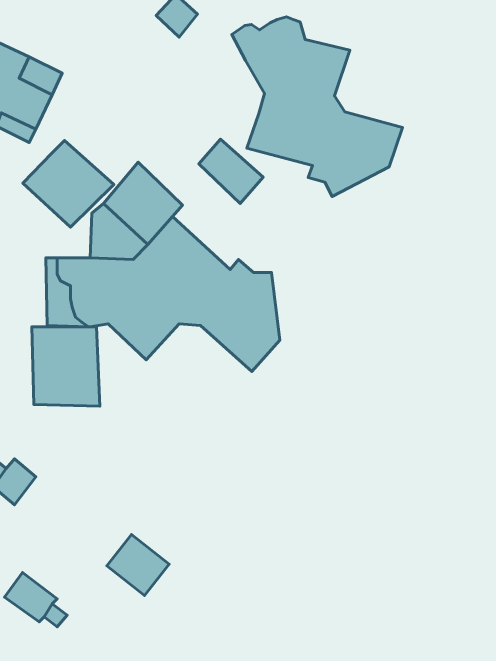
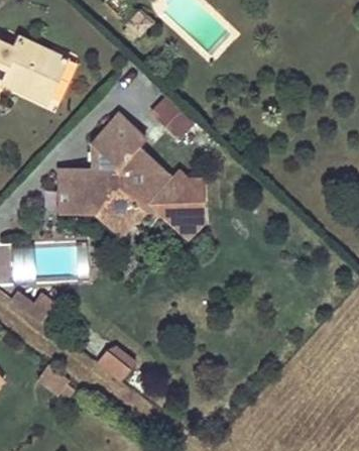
building: [232,17,403,196] -> none
building: [23,141,114,227] -> none
building: [32,327,100,406] -> none

